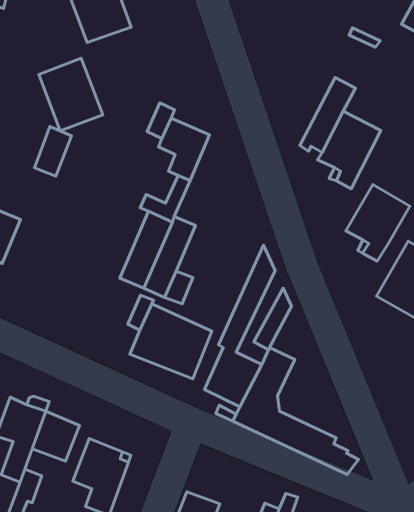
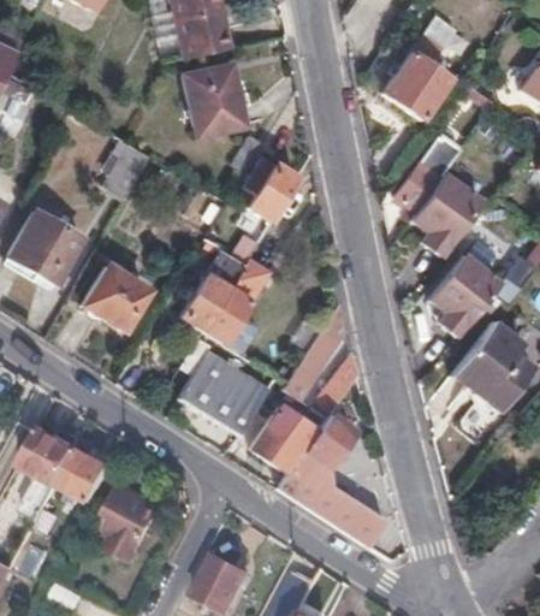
building: none -> [384,53,449,118]
building: [39,58,103,131] -> [184,63,247,137]
building: none -> [83,266,147,330]

